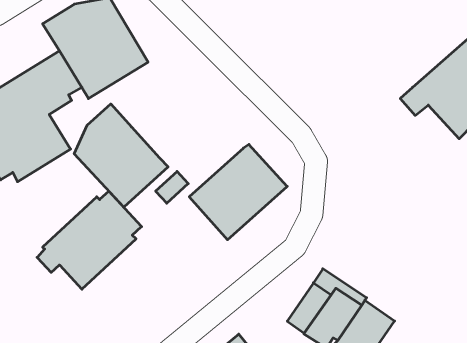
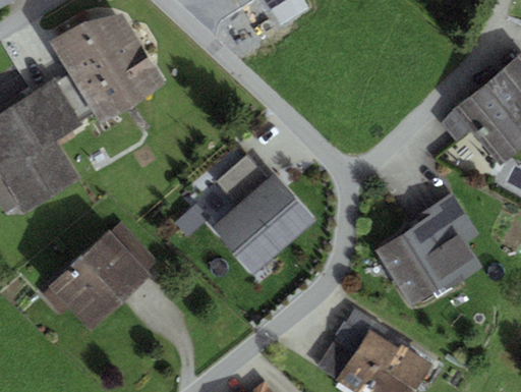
building: [74,104,168,207] -> none
building: none -> [215,154,268,206]
building: none -> [374,192,481,306]

